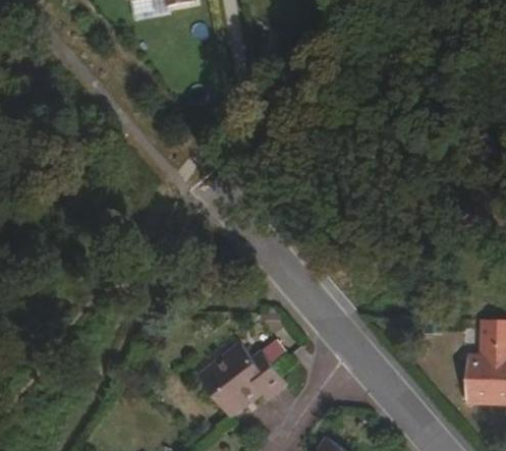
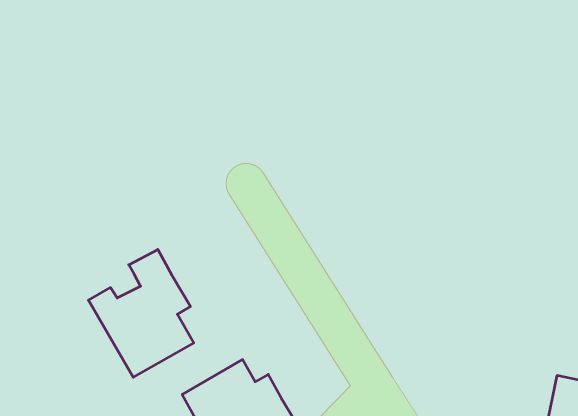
building: none -> [88,249,194,377]

